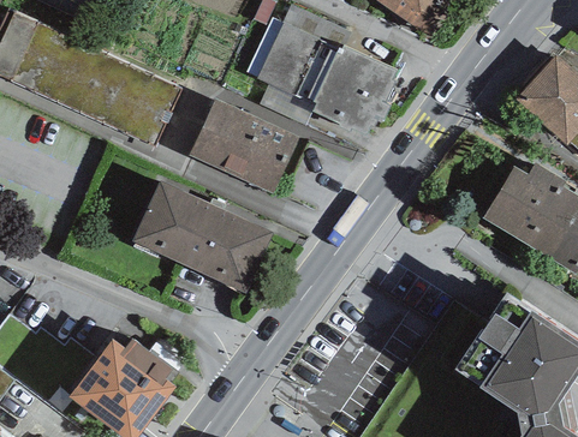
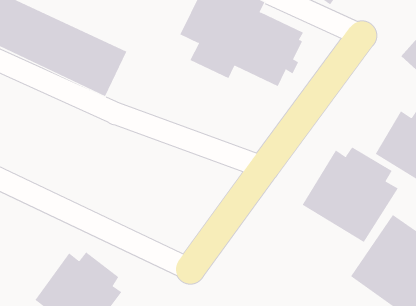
building: [187,98,298,194] -> none
building: [131,180,272,292] -> none
building: none -> [302,147,398,243]

